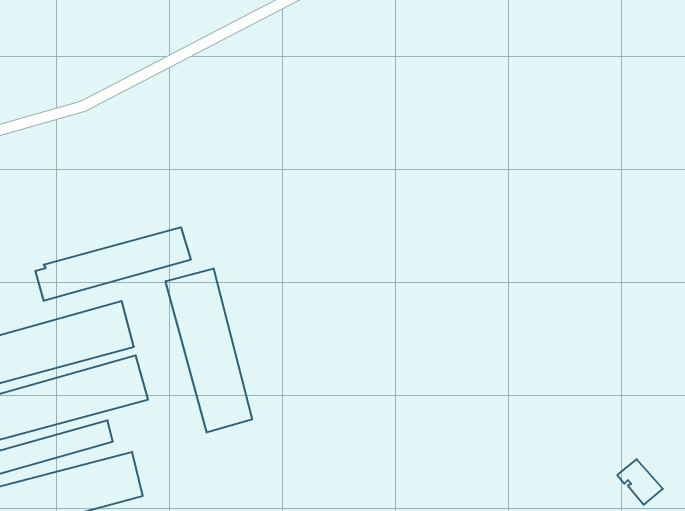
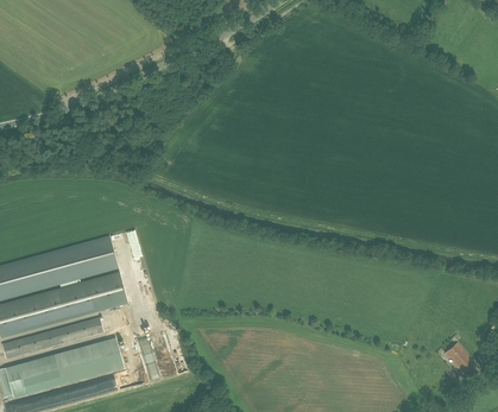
building: [35,227,191,301] -> none
building: [166,268,252,433] -> none

